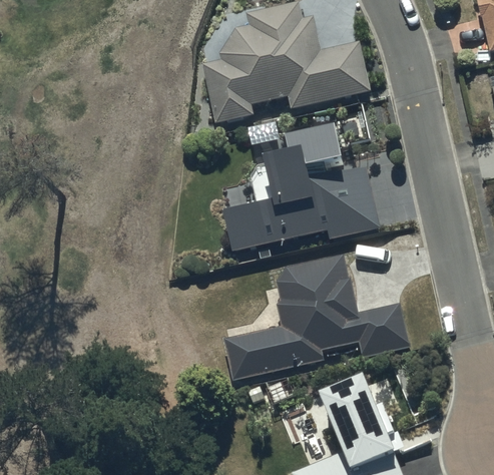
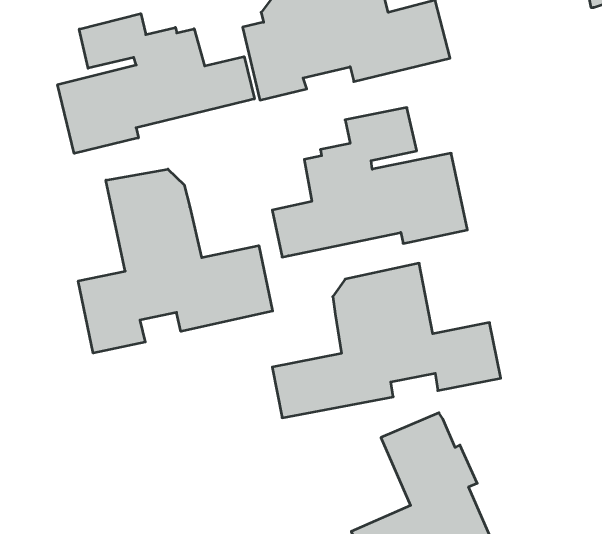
building: none -> [58,14,254,153]
building: none -> [78,169,273,353]

